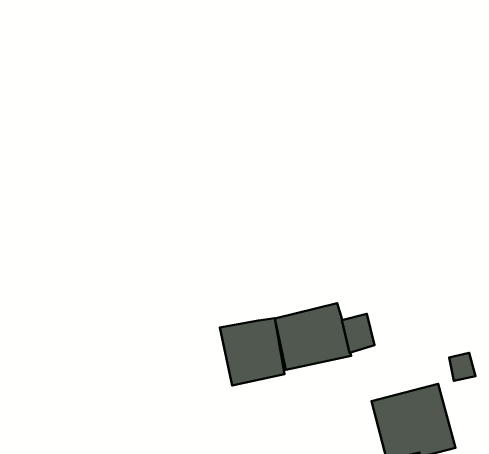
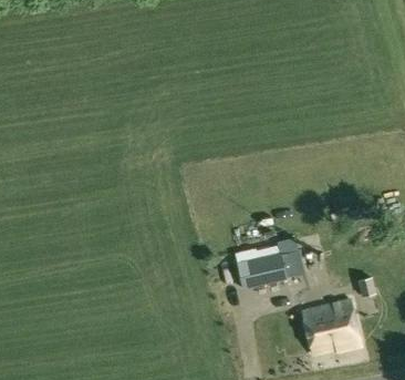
building: [220,318,285,386] -> none

